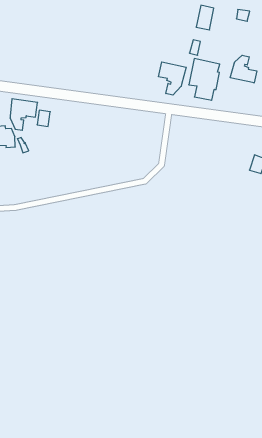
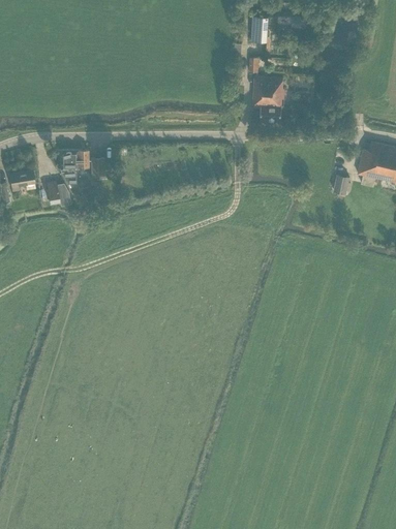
building: [230,55,257,83] -> none
building: [159,62,186,95] -> none

